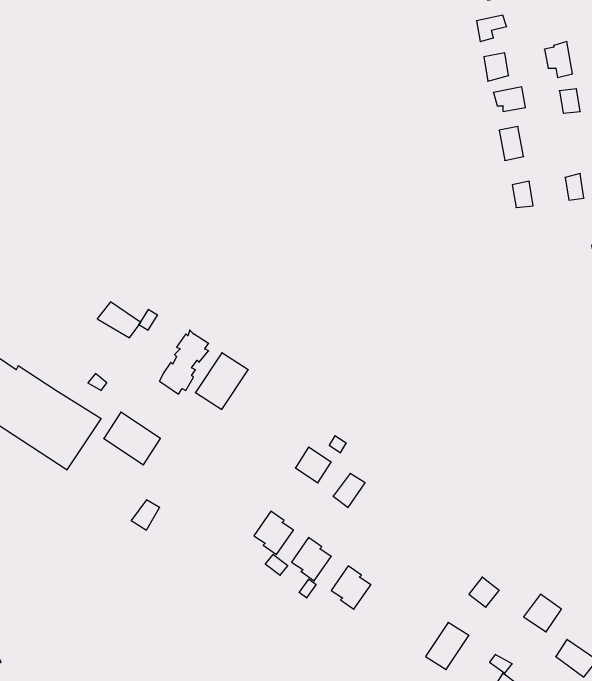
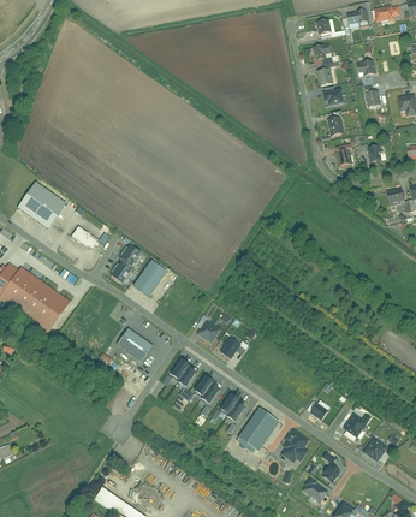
building: none -> [17,183,65,230]
building: [104,412,160,465] -> [117,327,153,361]
building: none -> [238,406,279,450]

